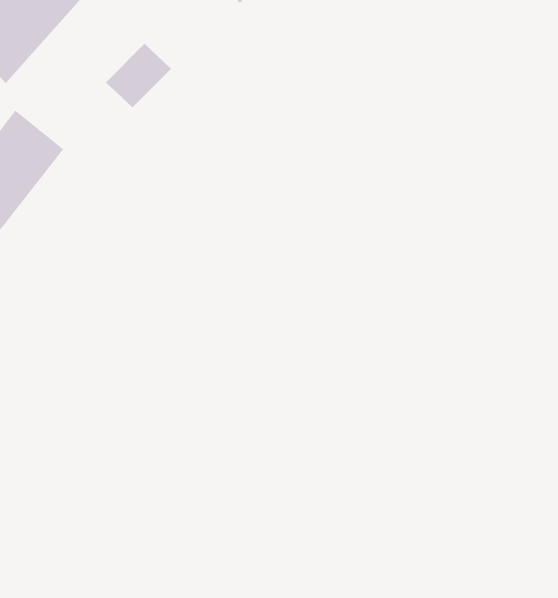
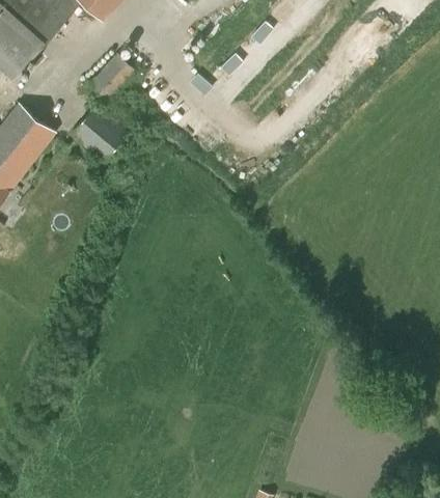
building: none -> [72,102,131,161]

